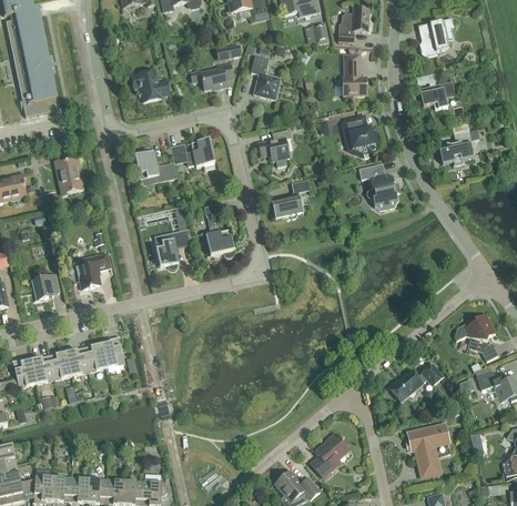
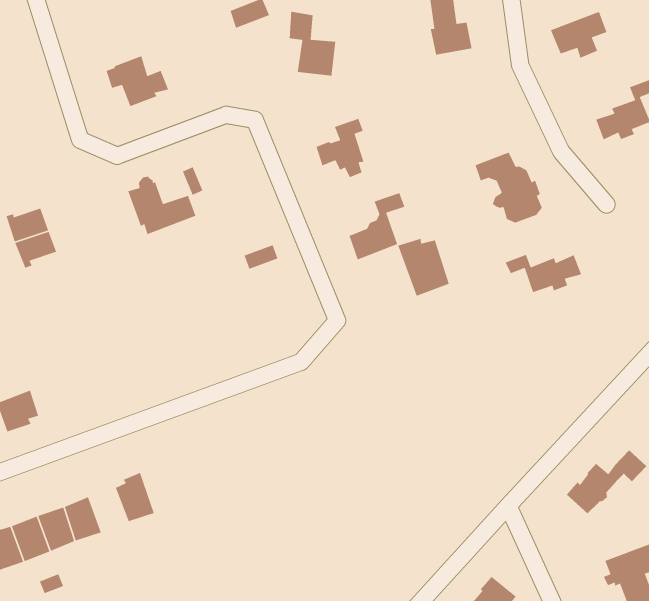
building: [190,62,233,89] -> none
building: [342,115,377,156] -> none
building: [185,138,214,165] -> none
building: none -> [397,238,450,297]
building: [205,225,234,256] -> none
building: [154,229,192,269] -> none
building: none -> [504,254,582,293]
building: [75,252,111,289] -> none
building: [83,343,107,371] -> none

